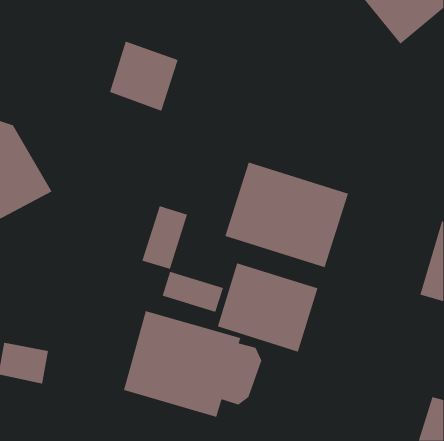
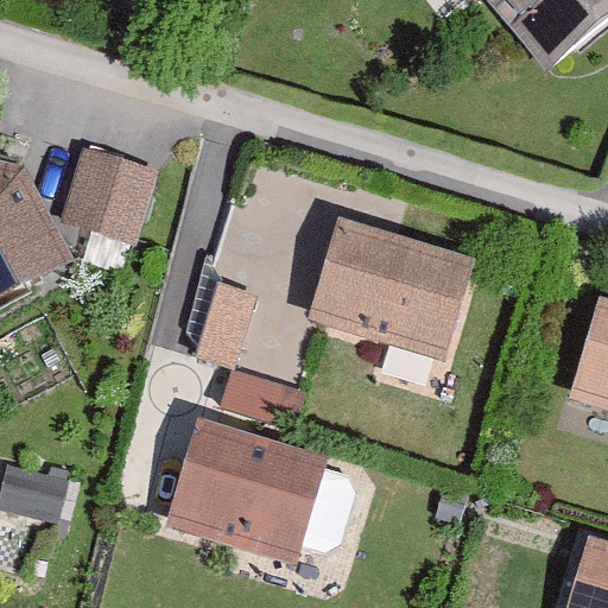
building: [109,41,178,112] -> [58,137,152,233]
building: [217,262,318,352] -> none

